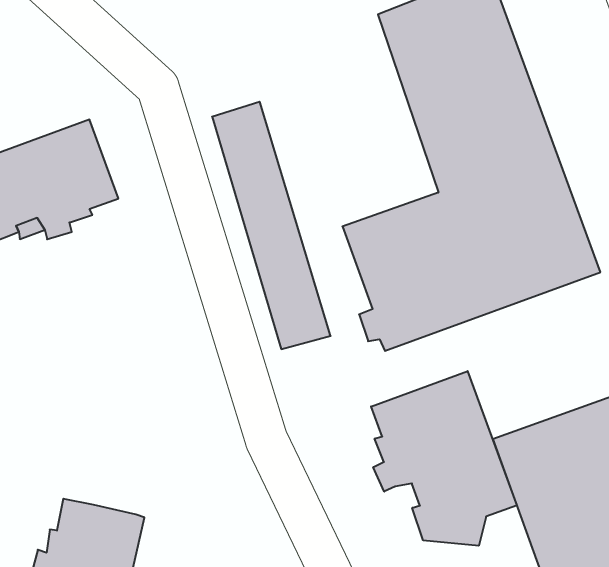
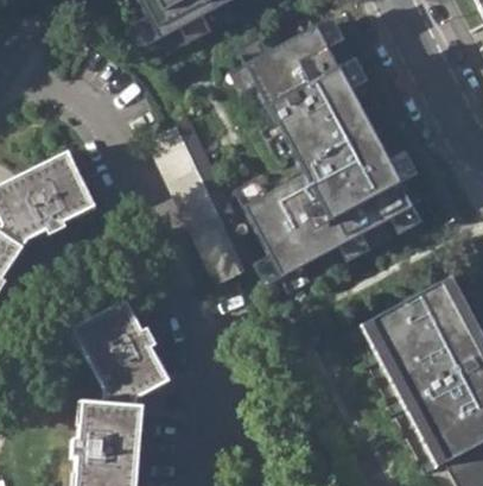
building: none -> [78,299,165,405]
building: [371,371,517,546] -> none

